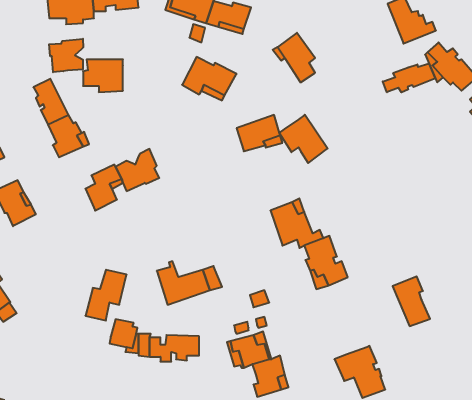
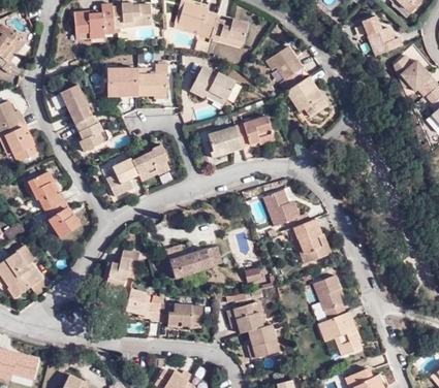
building: [49,39,83,72] -> none
building: none -> [137,64,167,95]
building: [383,63,435,92] -> none
building: [279,115,328,163] -> [285,75,326,117]
building: none -> [207,127,242,158]
building: none -> [44,200,80,237]
building: [393,276,430,326] -> [314,278,346,320]

